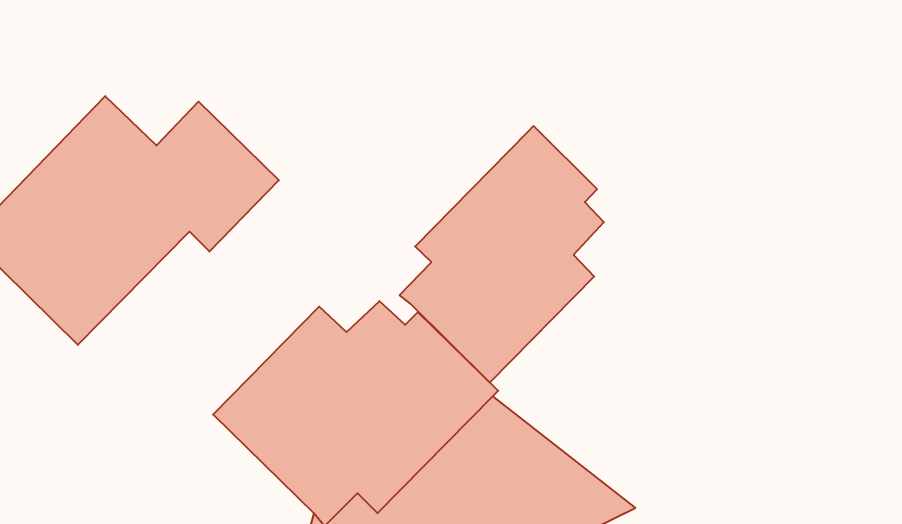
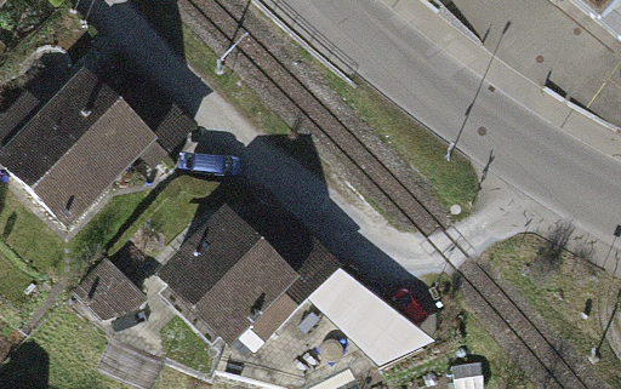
building: [400,126,604,382] -> none

